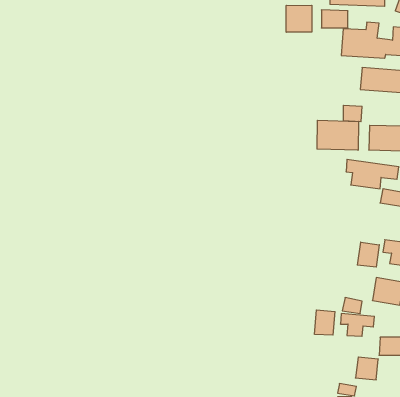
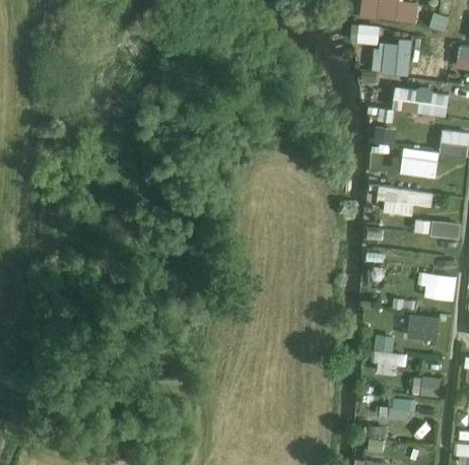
building: [286,5,312,32] -> none
building: [317,120,359,150] -> none
building: [357,242,379,267] -> none
building: [315,310,335,335] -> none

